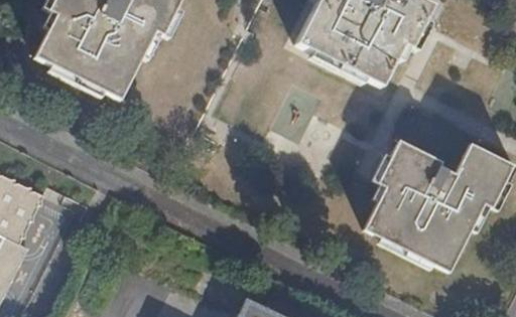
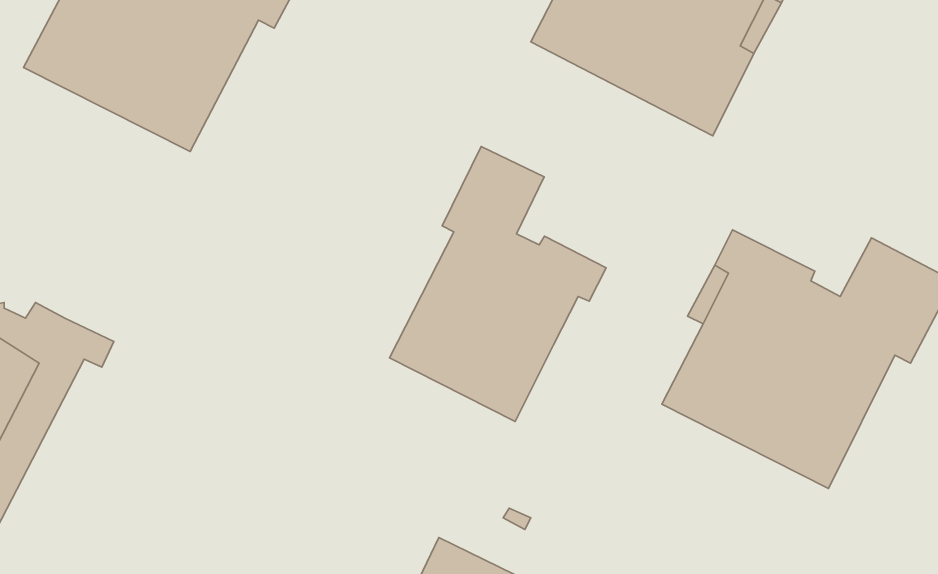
building: none -> [389,146,606,422]

